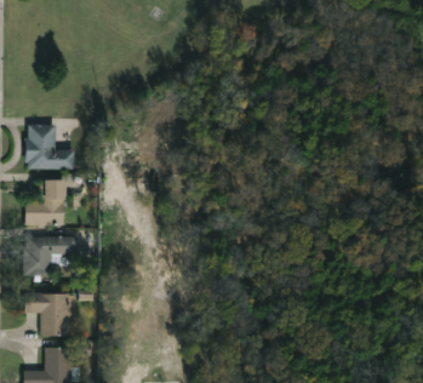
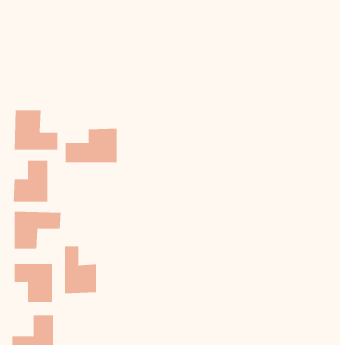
building: none -> [65,128,117,163]
building: none -> [65,245,97,294]

